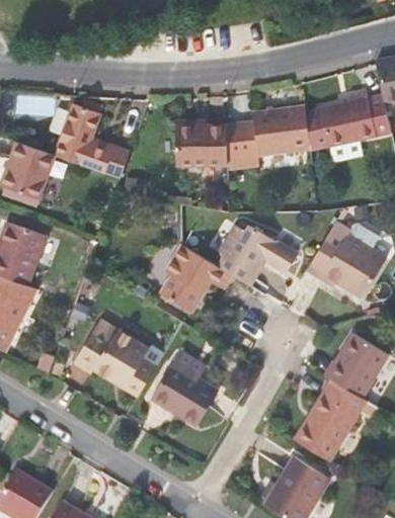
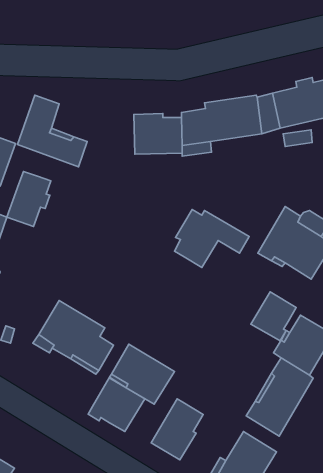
building: none -> [7,172,51,227]
building: [161,245,230,311] -> none
building: none -> [251,292,296,341]
building: none -> [88,378,145,432]
building: none -> [151,399,203,460]

